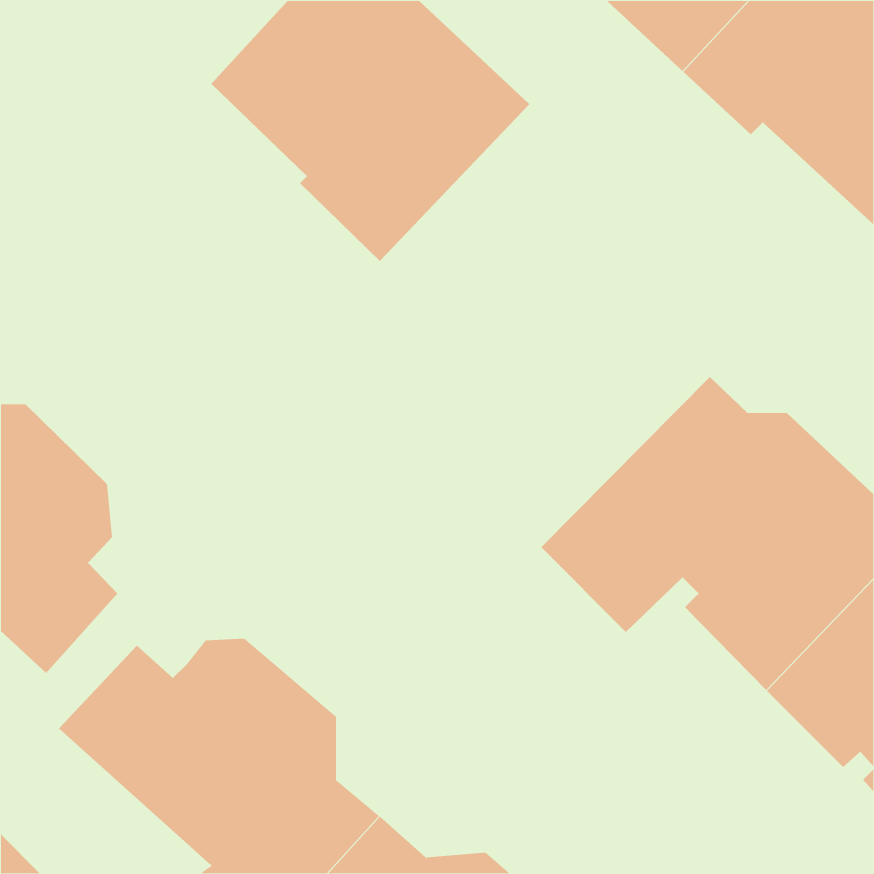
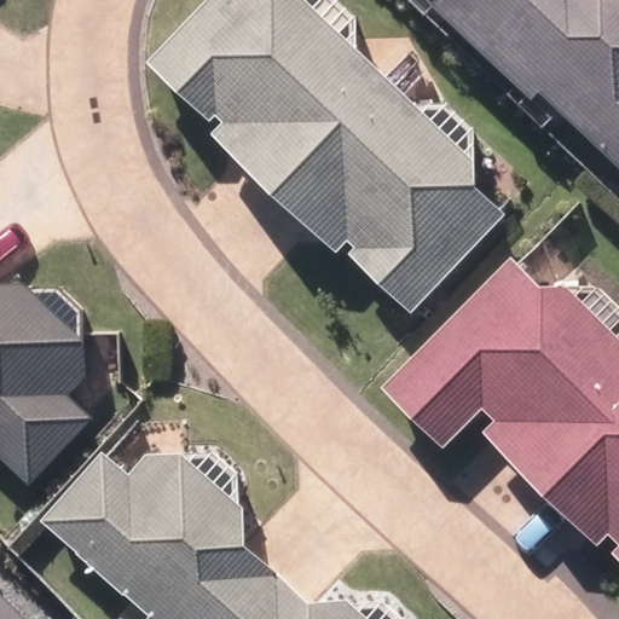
building: none -> [268,74,499,311]

